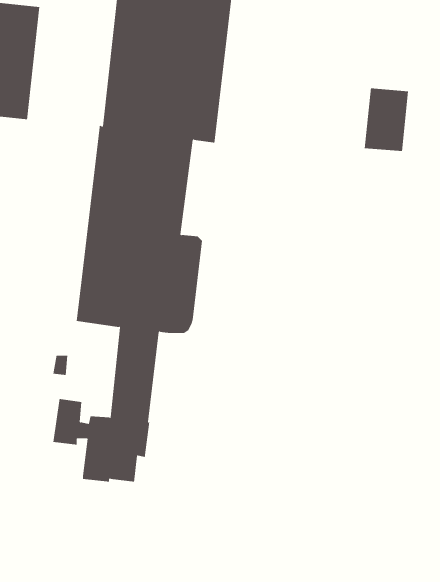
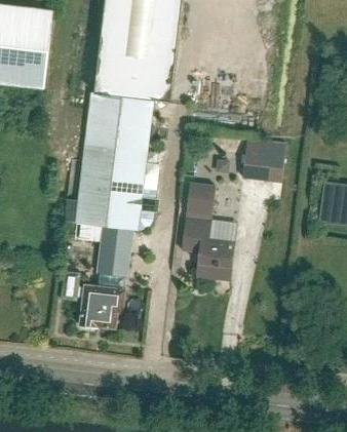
building: [364,88,409,151] -> [242,136,272,179]
building: none -> [182,183,237,279]

